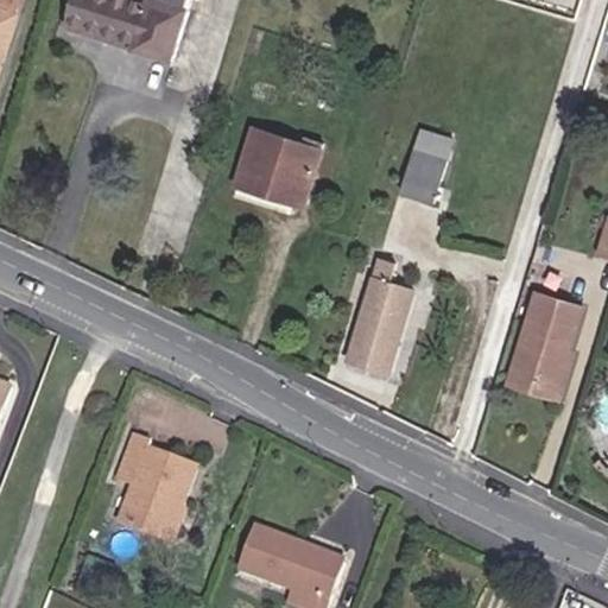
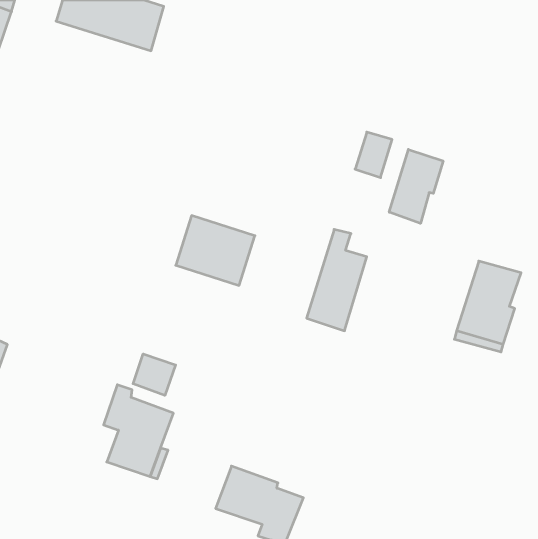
building: [230,127,319,205] -> [176,216,255,285]
building: none -> [389,149,443,223]
building: none -> [133,354,176,395]

